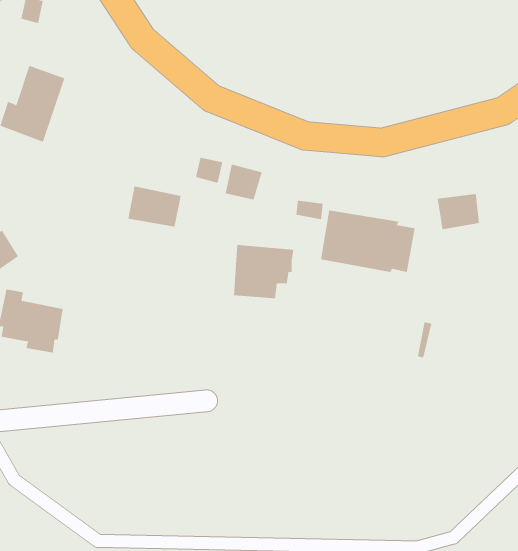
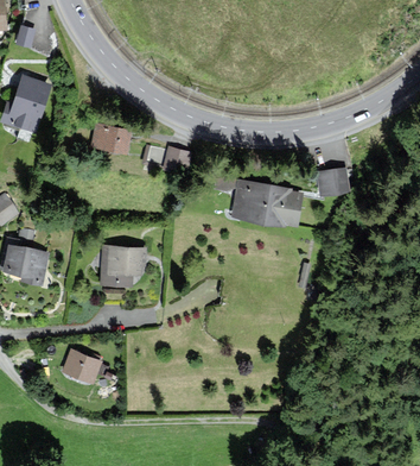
building: [127,186,182,227] -> [93,124,132,153]
building: [233,244,294,299] -> [102,246,146,285]
building: none -> [65,351,100,382]

